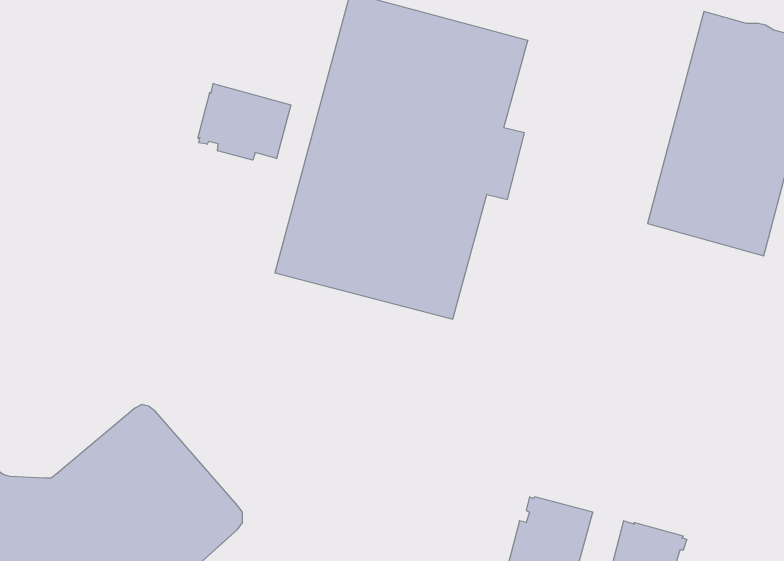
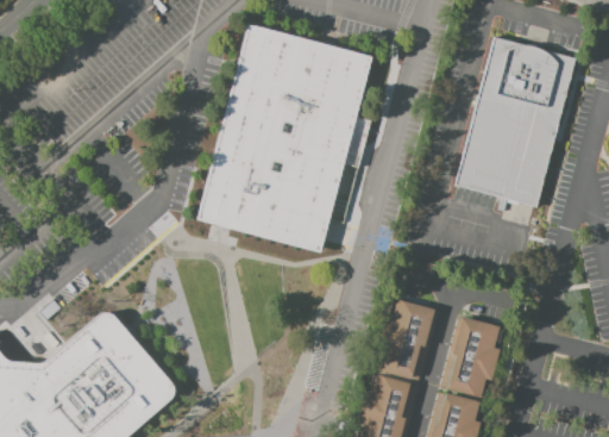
building: [198,83,291,160] -> none
building: none -> [378,299,434,381]
building: none -> [441,316,503,398]

